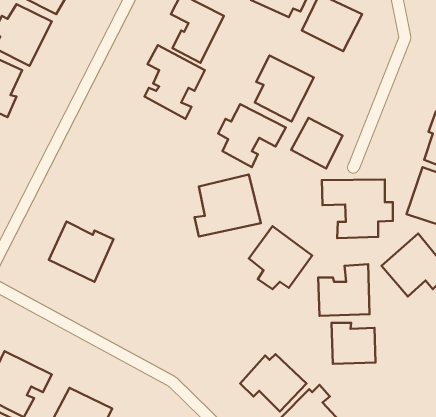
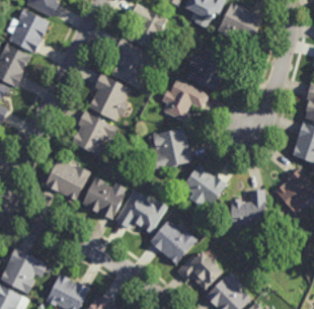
building: none -> [88,73,131,121]
building: [291,118,343,168] -> none
building: none -> [72,110,119,157]
building: [322,180,393,238] -> none
building: none -> [82,177,127,220]
building: none -> [116,190,167,234]
building: none -> [151,220,197,263]
building: [332,323,375,364] -> none

